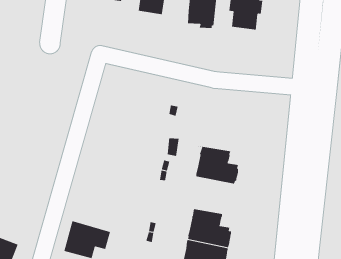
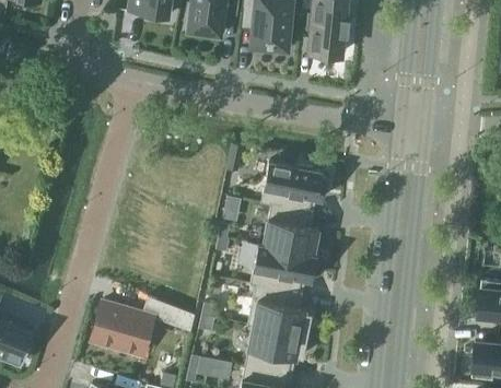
building: none -> [264,164,326,213]
building: none -> [253,246,316,294]

